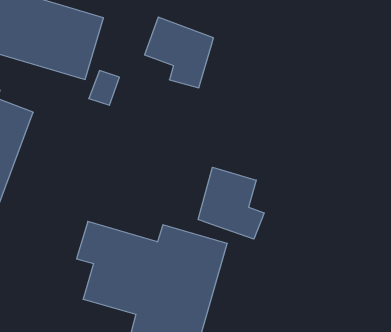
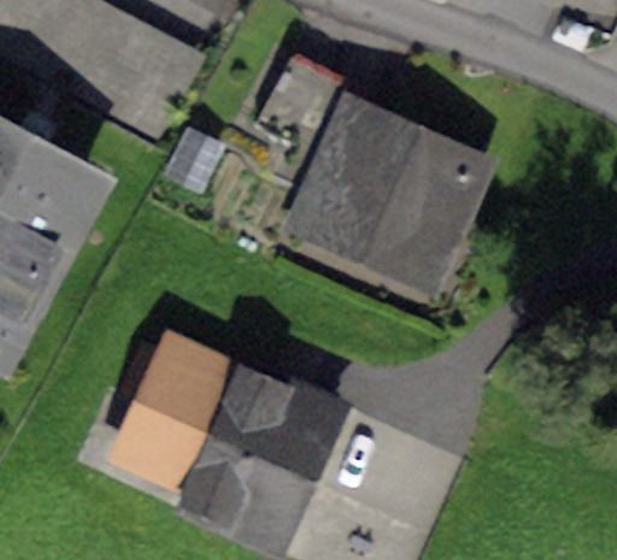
building: none -> [311,113,469,264]
building: [198,167,264,239] -> none

